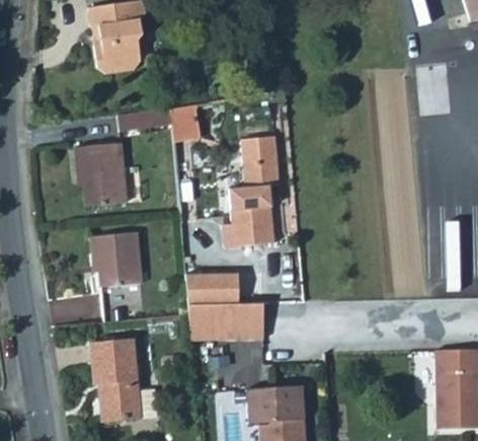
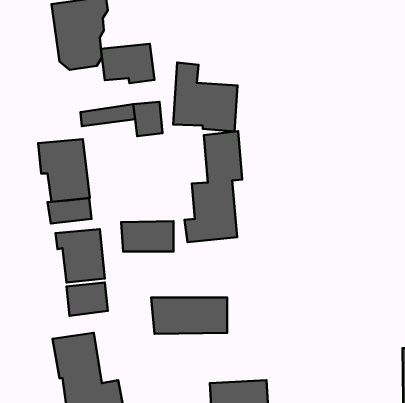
building: none -> [101,44,155,83]
building: none -> [173,63,238,132]
building: none -> [47,198,91,223]
building: [186,273,239,303] -> [121,221,174,252]

